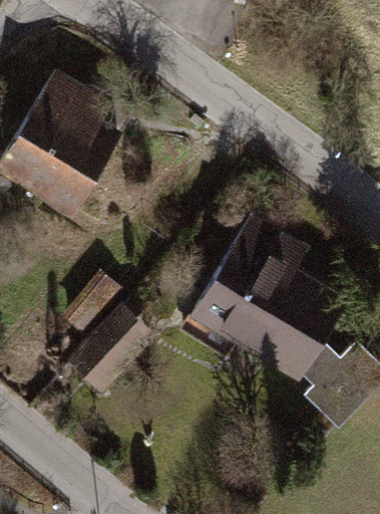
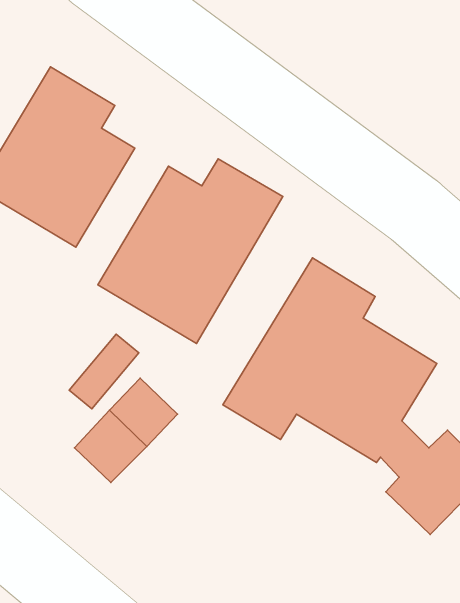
building: none -> [98,159,283,344]

